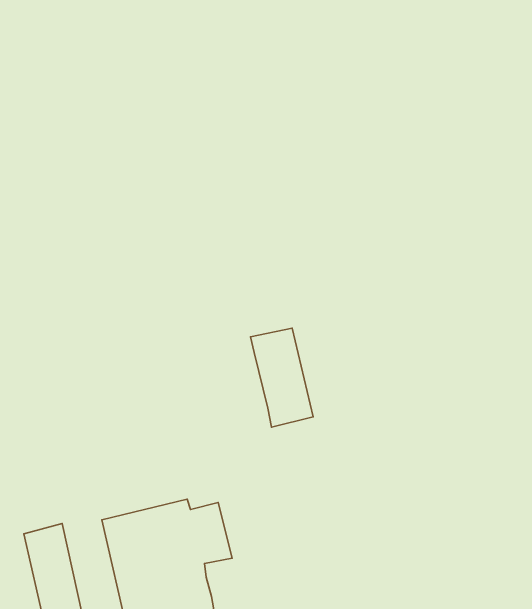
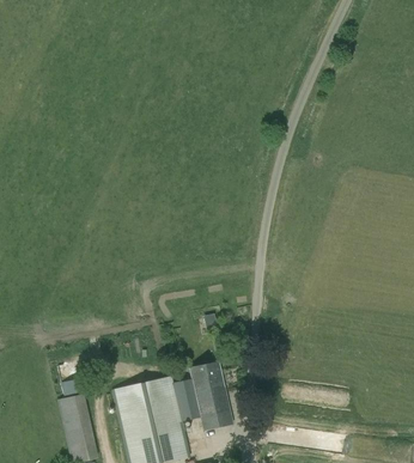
building: [251,328,313,427] -> [190,361,233,430]

